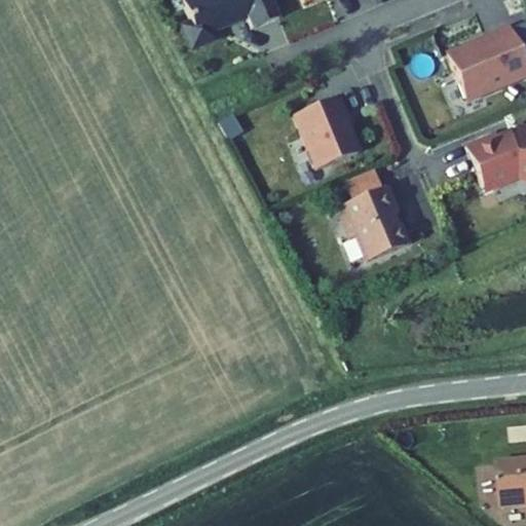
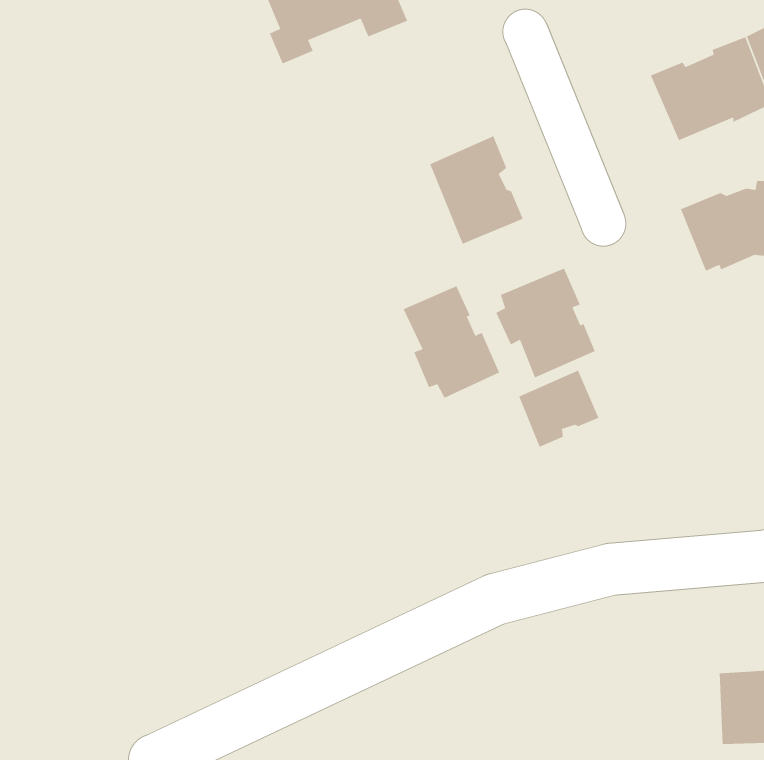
building: none -> [403,285,500,399]
building: none -> [518,370,599,448]

